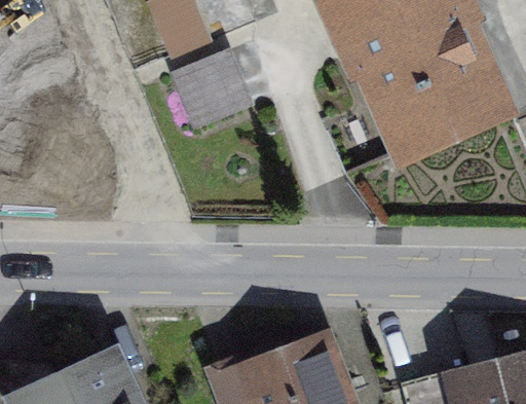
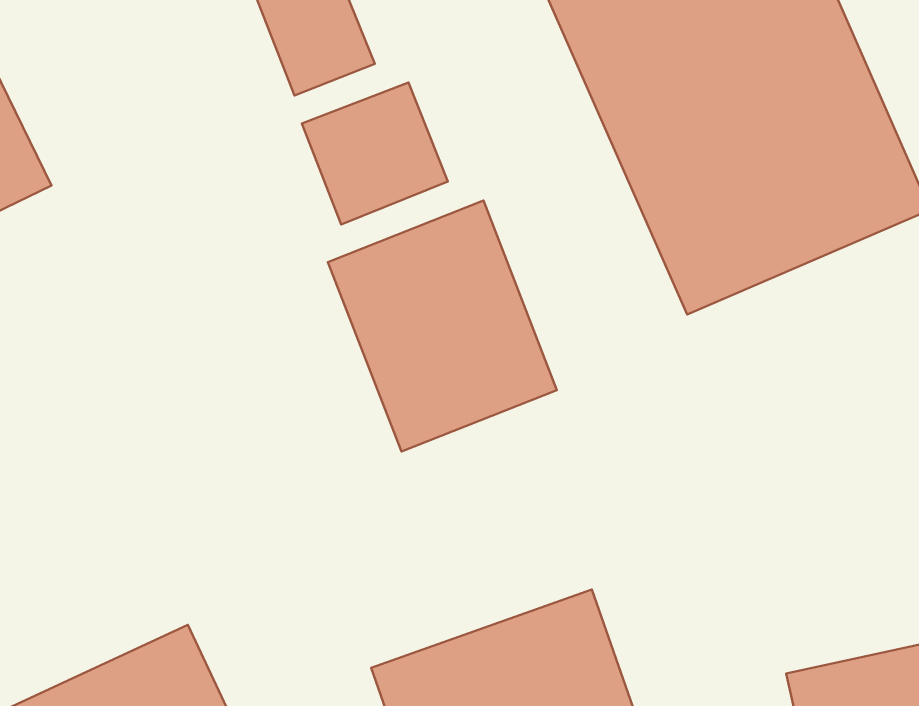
building: none -> [328,201,557,452]

